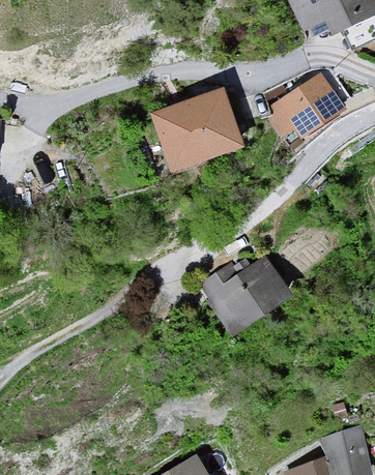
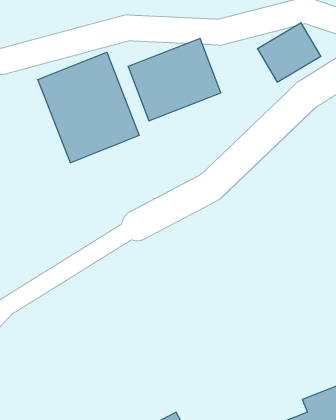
building: none -> [38,52,139,163]
building: [206,253,291,330] -> none

